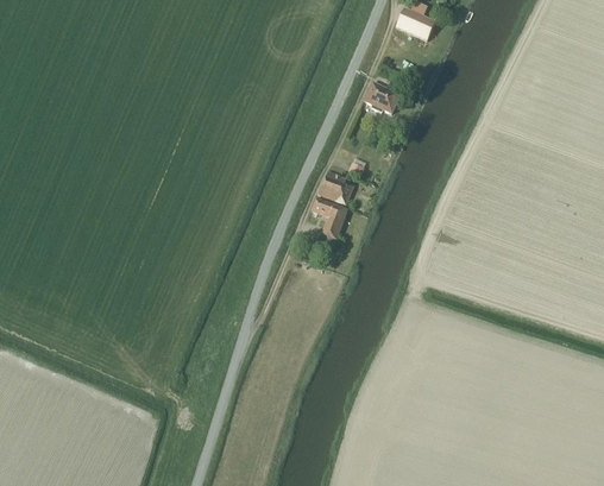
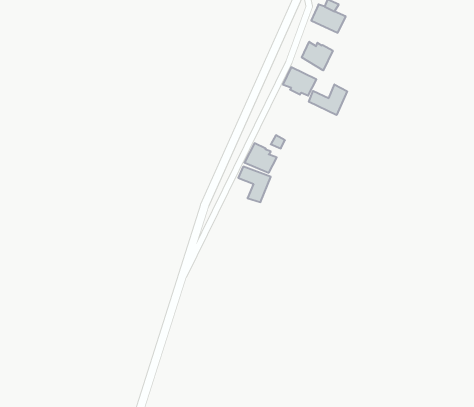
building: none -> [302,42,333,70]
building: none -> [309,84,347,115]

